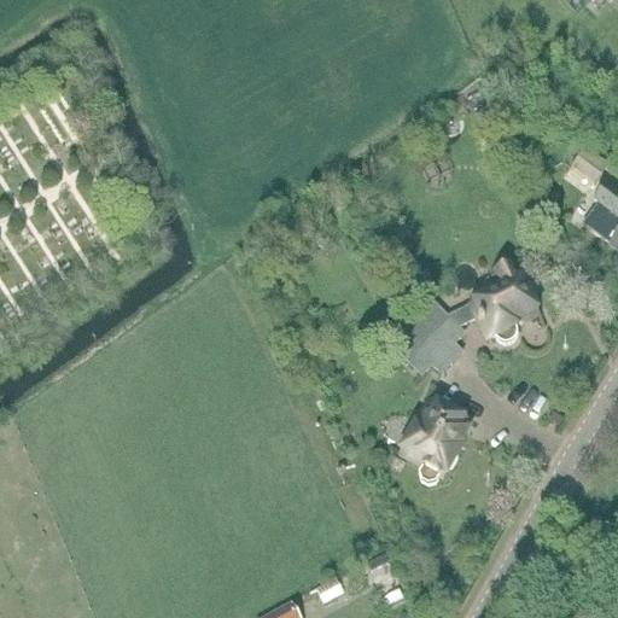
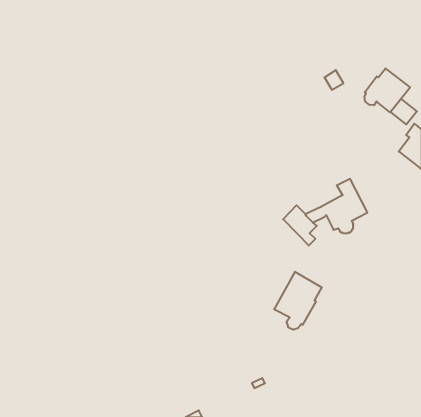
building: none -> [364,68,410,112]
building: [395,321,453,372] -> none

